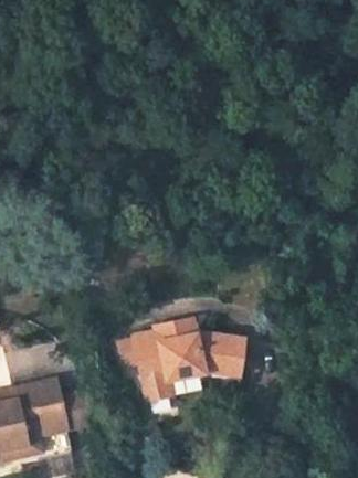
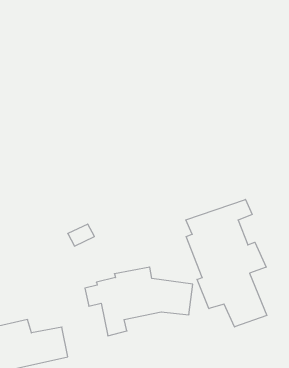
building: none -> [186,199,267,327]

